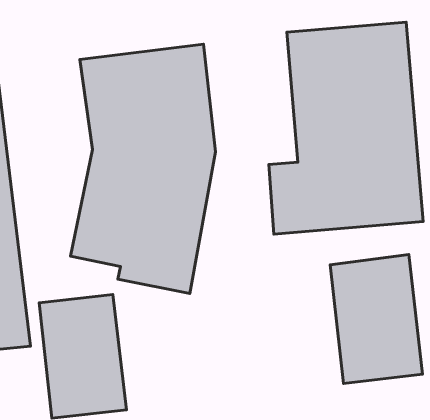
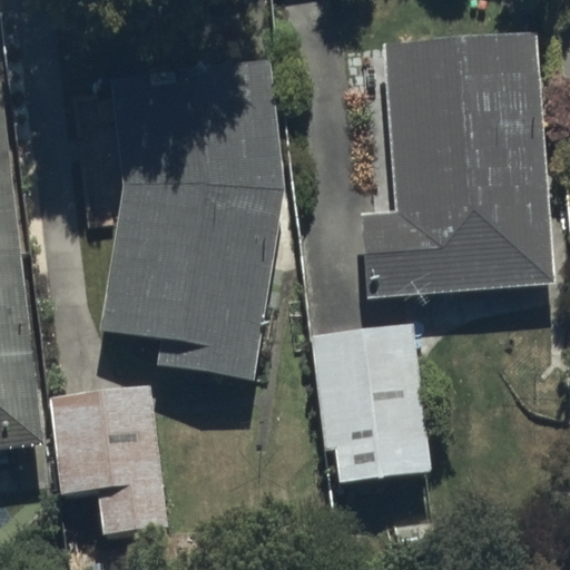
building: [330,255,423,384] -> [312,323,433,492]

